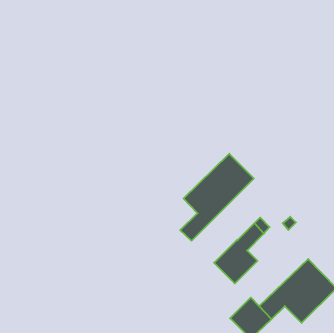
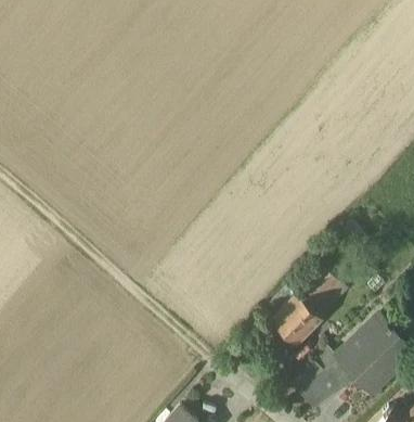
building: [180,154,254,241] -> none

